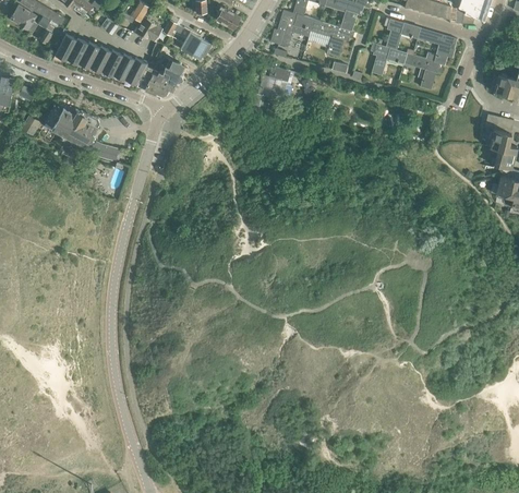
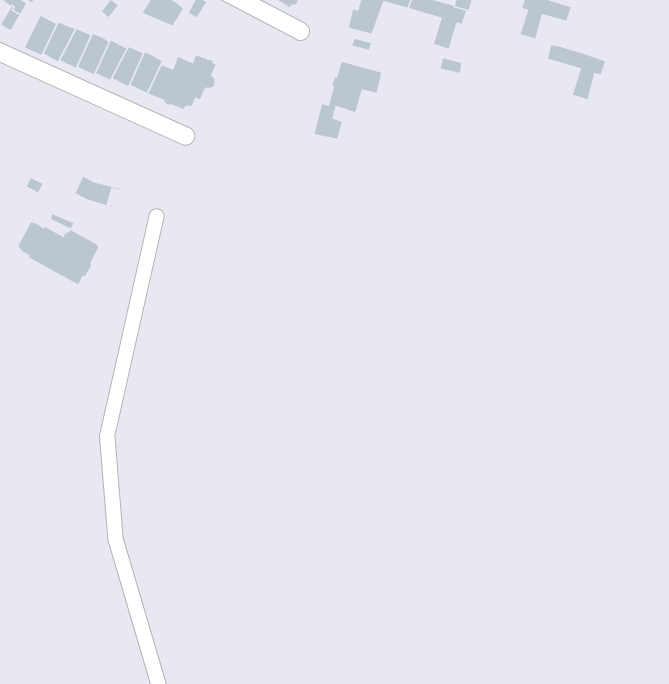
building: [417,28,457,65] -> none
building: [180,33,212,60] -> none
building: [371,44,406,75] -> none
building: [45,106,99,148] -> [17,221,99,285]

